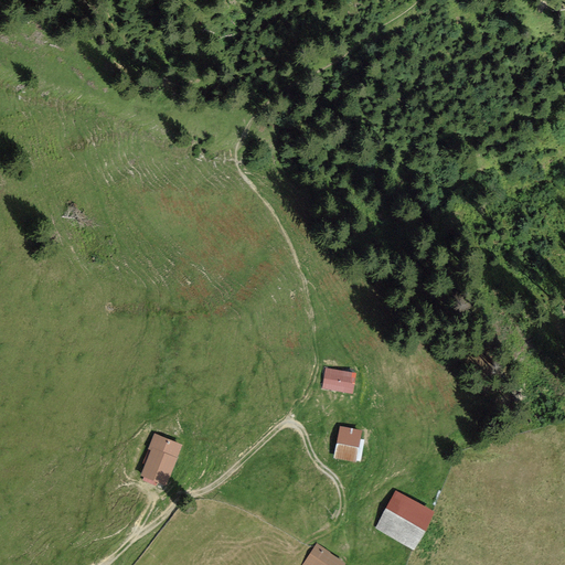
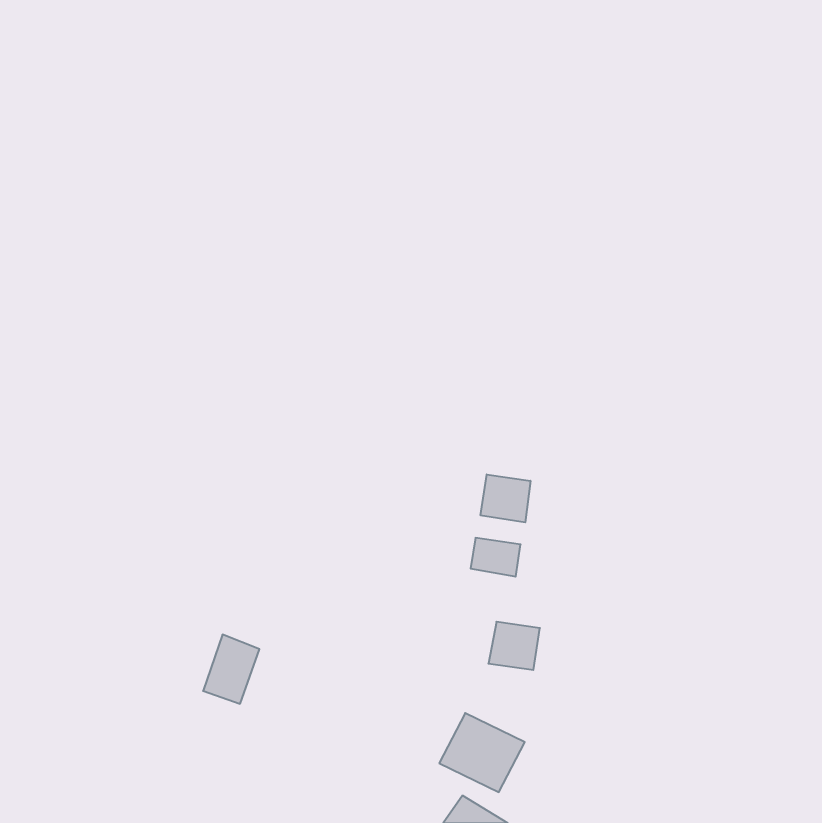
building: none -> [481,474,530,522]
building: [375,492,434,546] -> [439,713,525,792]

